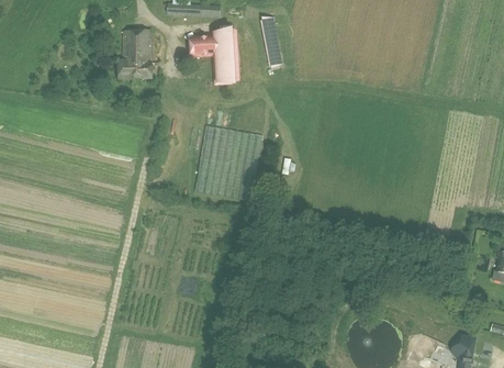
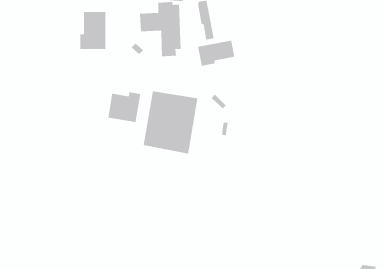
building: none -> [198,40,235,67]
building: none -> [108,92,141,123]

